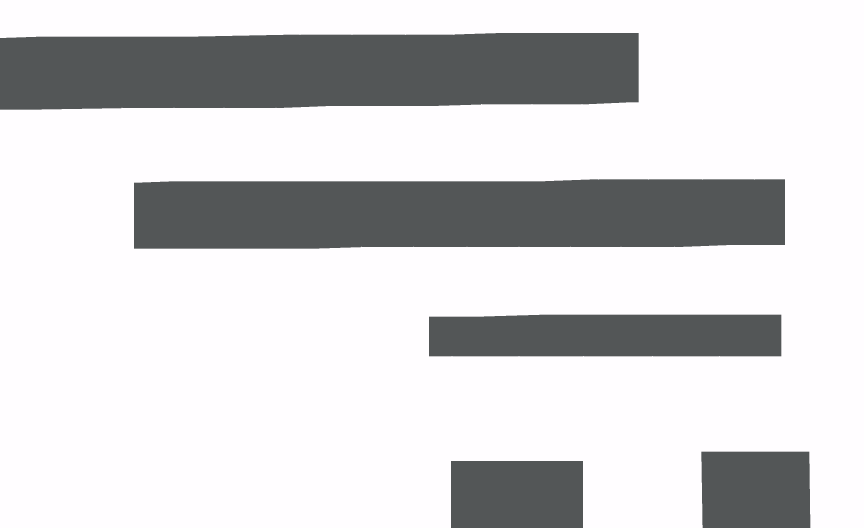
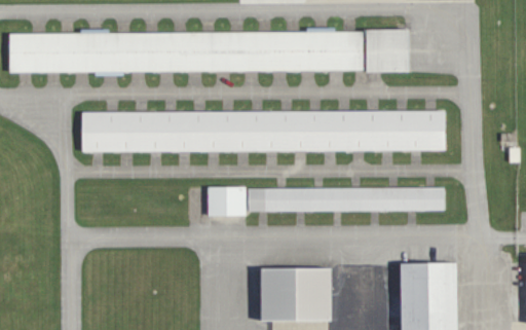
building: none -> [364,29,410,72]
building: none -> [206,186,246,216]

